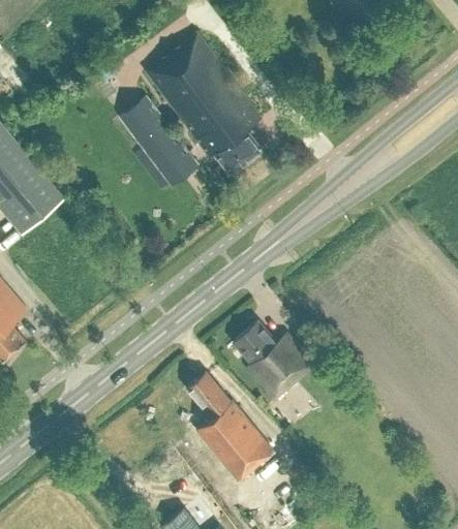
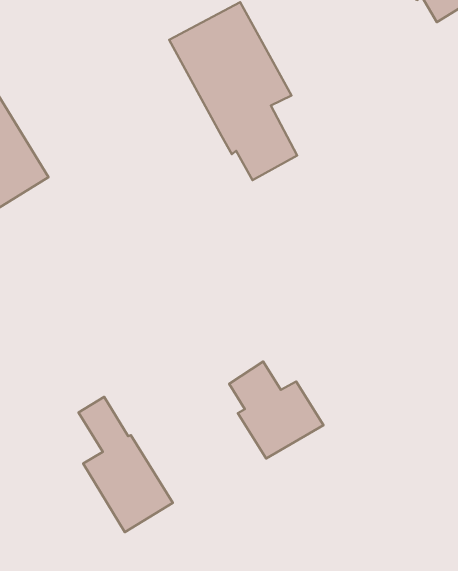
building: [119,95,199,187] -> none
building: [187,373,273,479] -> [79,397,173,532]

